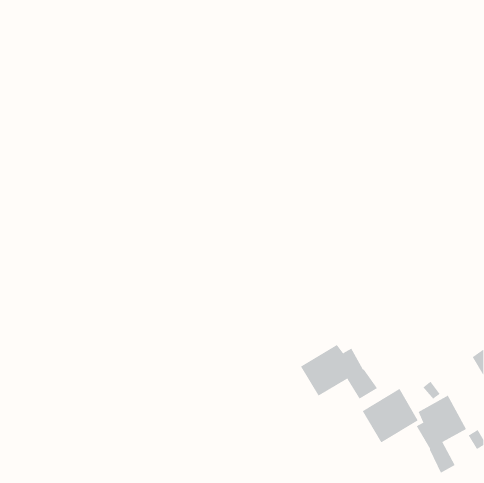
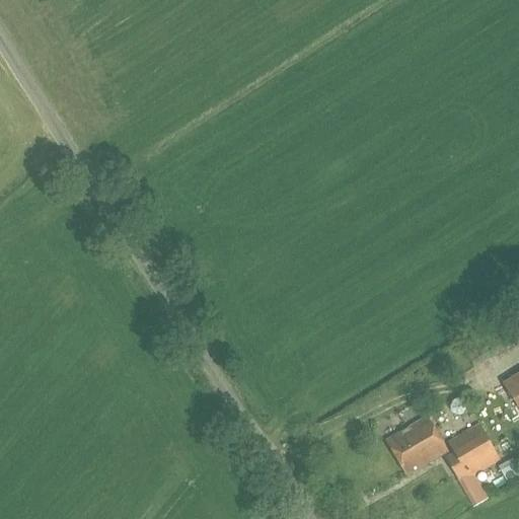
building: [300,344,378,400] -> none

